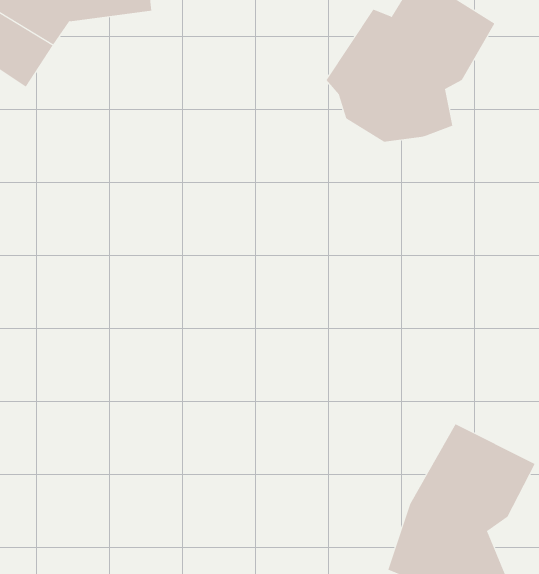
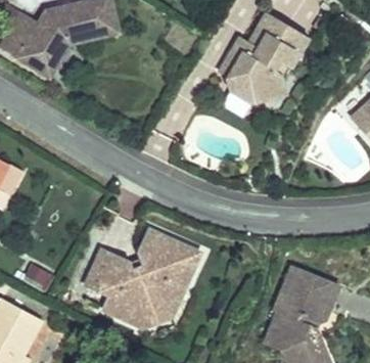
building: none -> [84,233,200,332]

